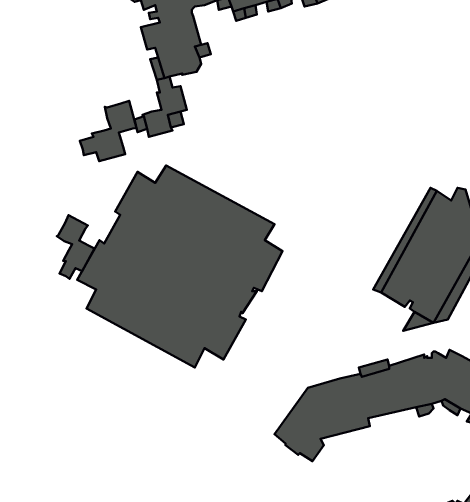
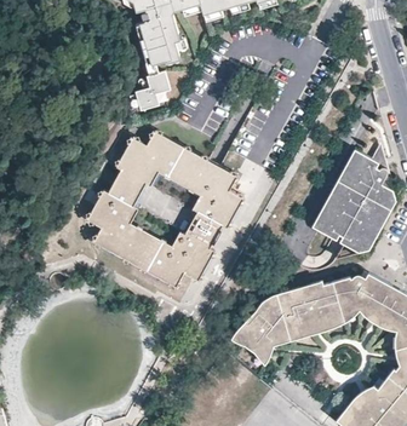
building: [80,101,137,161] -> none
building: [57,215,94,279] -> none

